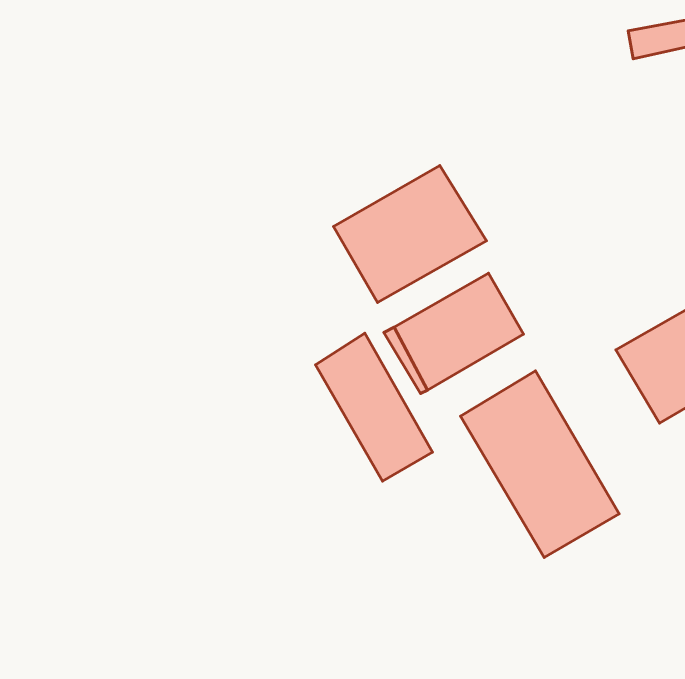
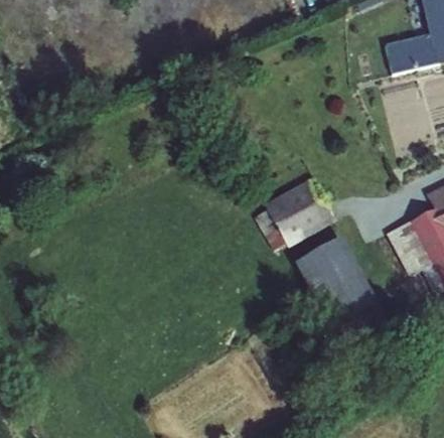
building: [333,165,487,303] -> none
building: [316,333,433,481] -> none

